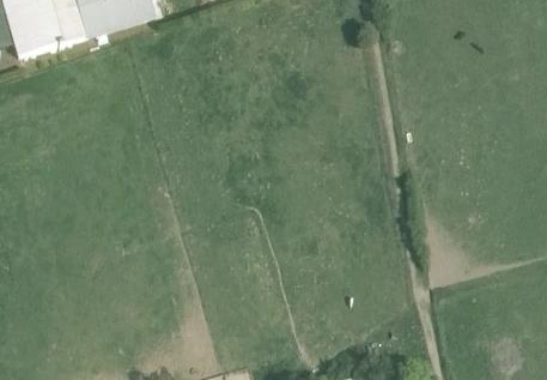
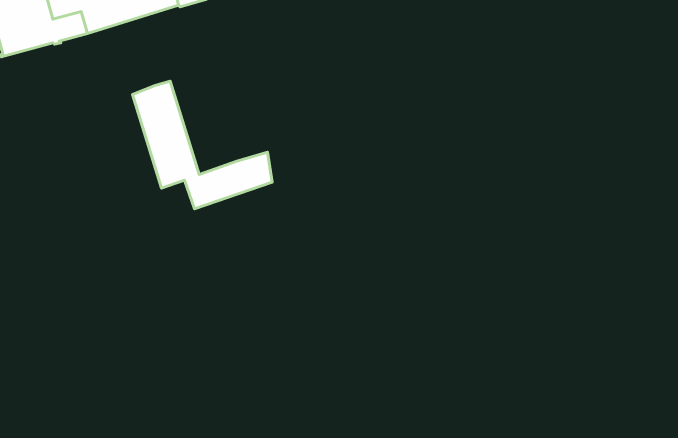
building: none -> [132,81,272,209]

